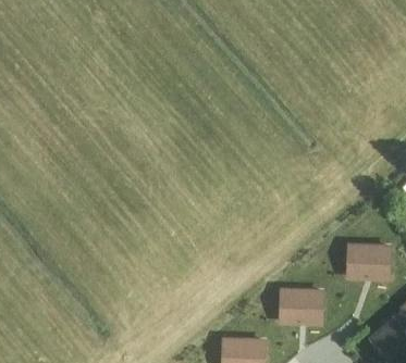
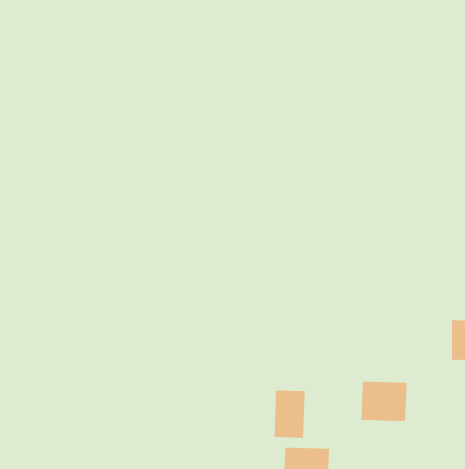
building: none -> [274,390,305,438]

